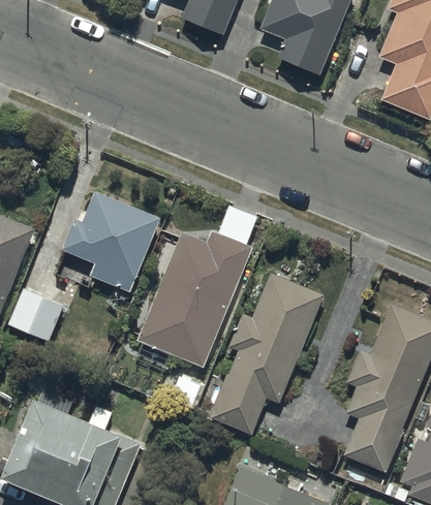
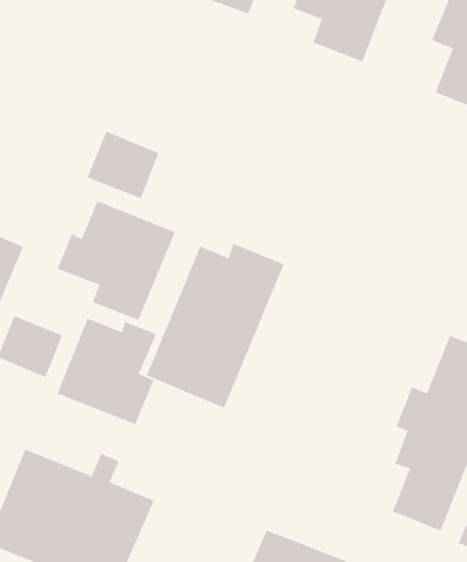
building: none -> [87,131,159,199]
building: [209,274,324,436] -> none
building: none -> [57,318,156,425]

